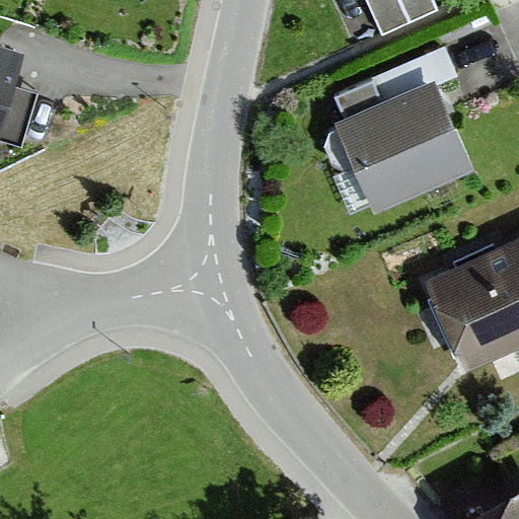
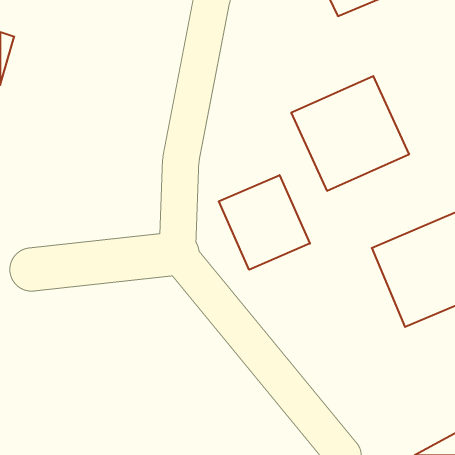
building: none -> [219,175,310,270]

